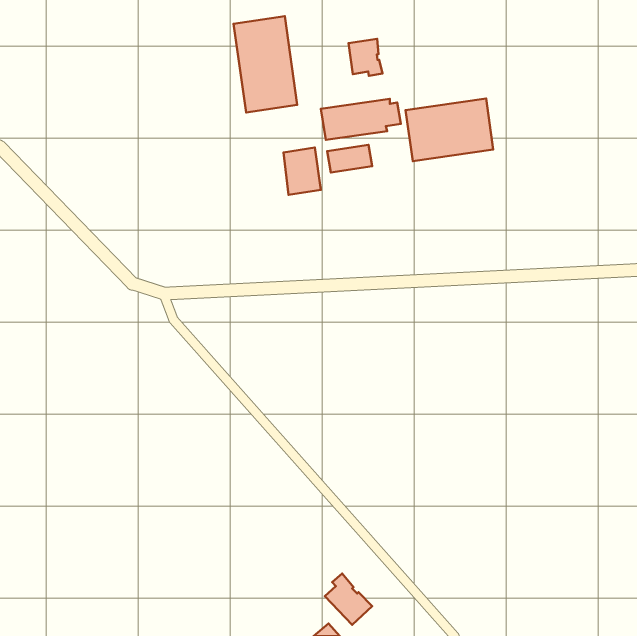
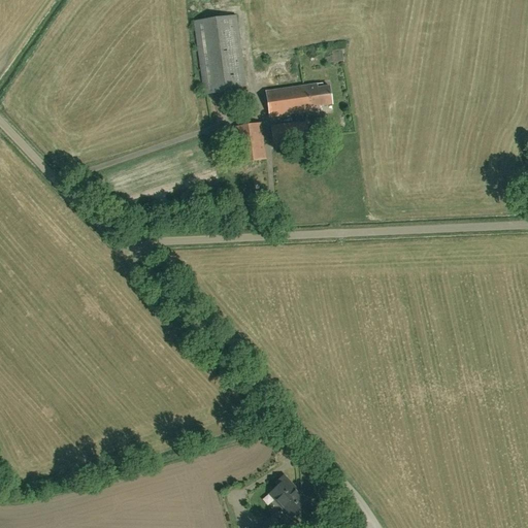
building: [349,39,382,76] -> none
building: [406,98,493,161] -> none

